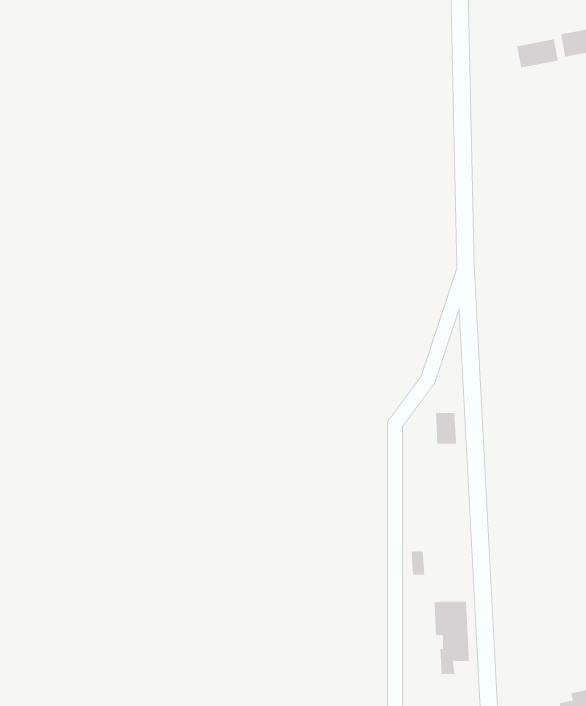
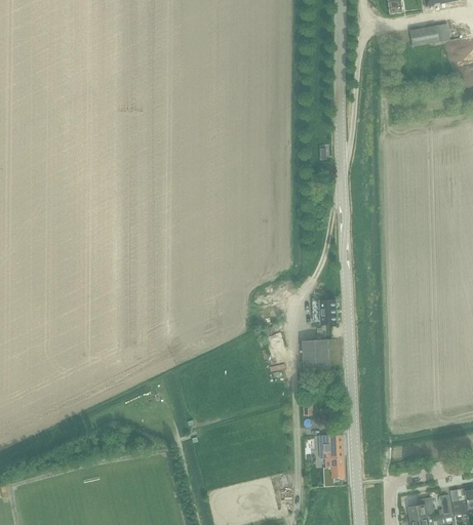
building: [517,38,559,68] -> none
building: none -> [302,339,327,369]

